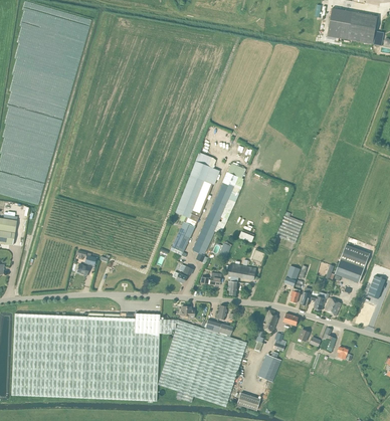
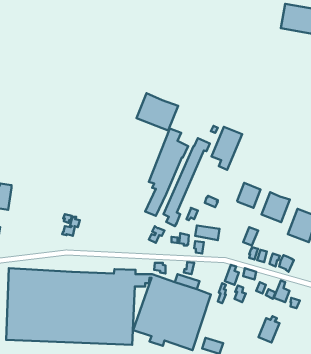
building: none -> [136,93,178,130]
building: none -> [211,127,242,170]
building: none -> [261,192,290,222]
building: [257,351,281,381] -> [258,316,279,342]

